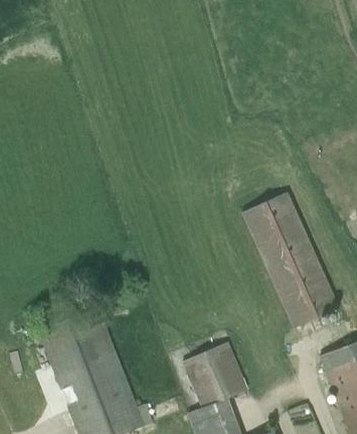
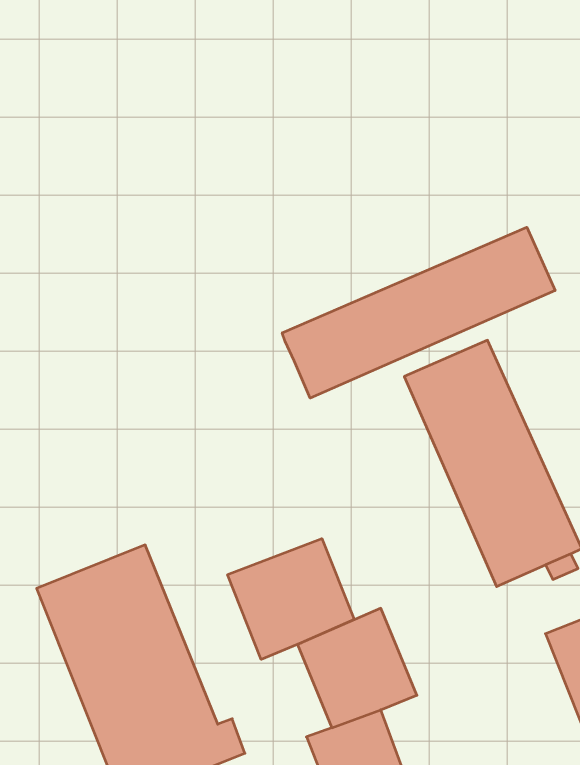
building: none -> [282,227,555,398]
building: none -> [228,539,354,659]

